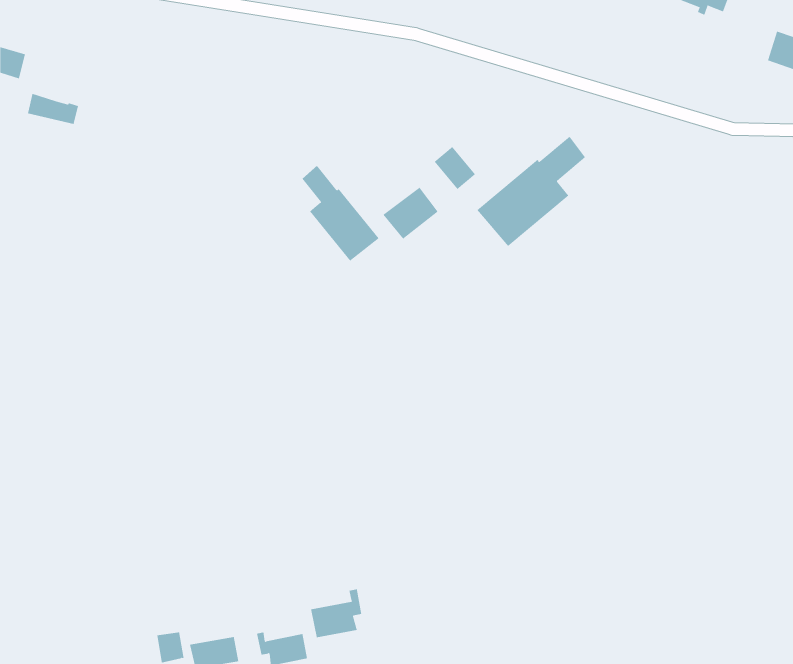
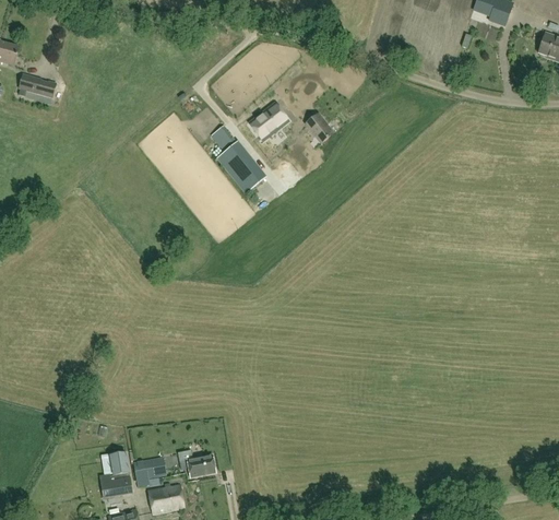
building: [476,136,586,247] -> none
building: [383,187,439,240] -> [249,102,288,139]
building: [310,589,362,638] -> none

